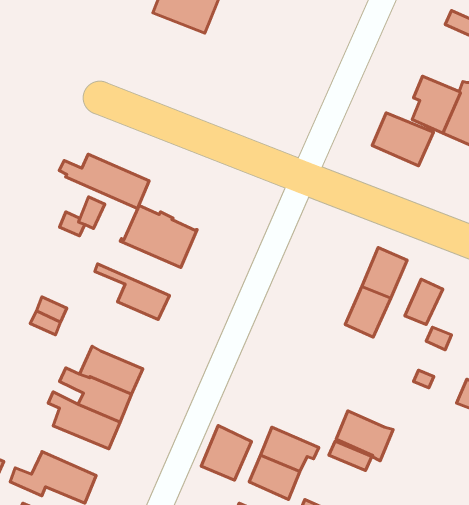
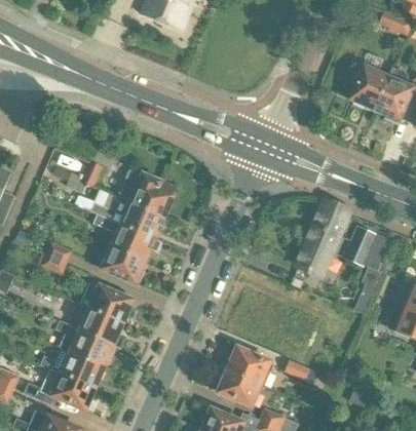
building: [372,113,433,166] -> none
building: [59,154,149,209] -> [90,197,163,241]
building: none -> [103,246,145,282]
building: [336,411,393,461] -> none
building: [201,426,251,480] -> none
building: none -> [40,347,105,387]

